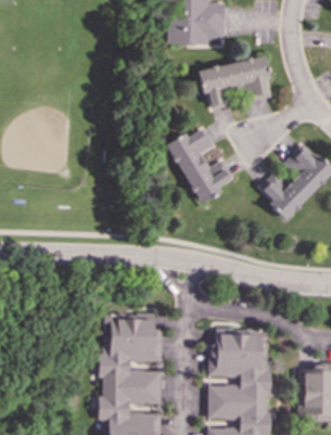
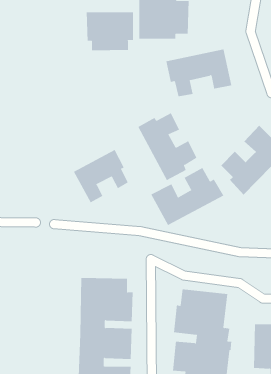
building: none -> [86,11,134,51]
building: none -> [73,149,129,203]
building: none -> [150,167,224,226]

